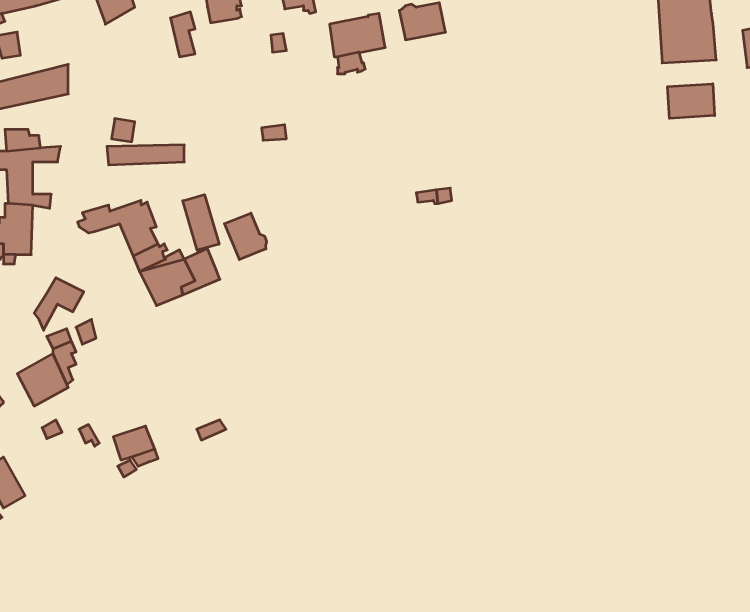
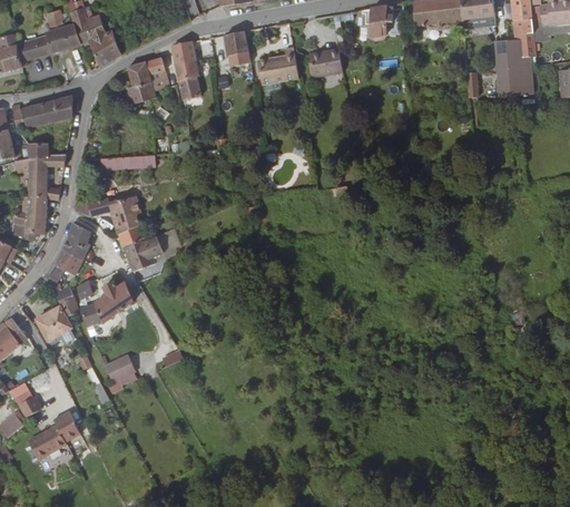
building: none -> [125,62,155,108]
building: none -> [174,62,198,99]
building: [668,84,715,118] -> none
building: [183,195,219,250] -> none
building: [224,213,266,260] -> none
building: none -> [62,223,90,260]
building: none -> [78,281,132,326]
building: none -> [28,409,78,457]

